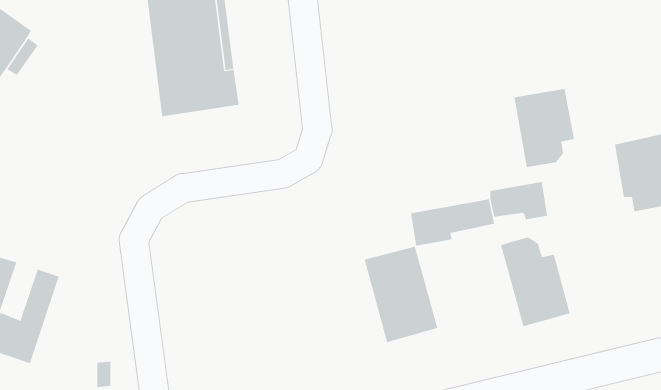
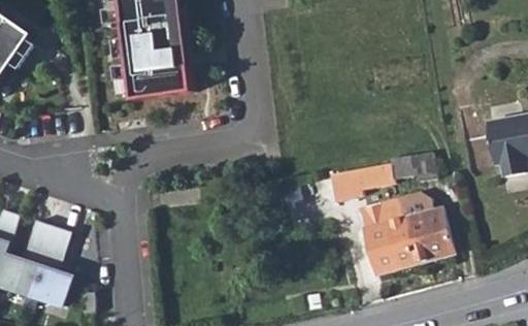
building: [514,88,574,168] -> none
building: [364,246,438,343] -> [356,201,414,276]
building: none -> [30,226,74,305]

